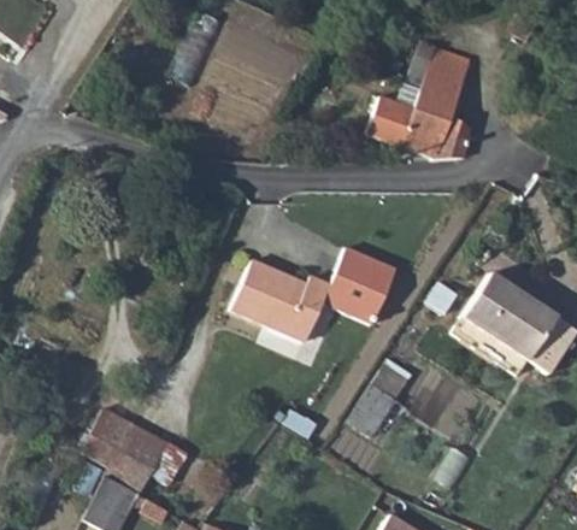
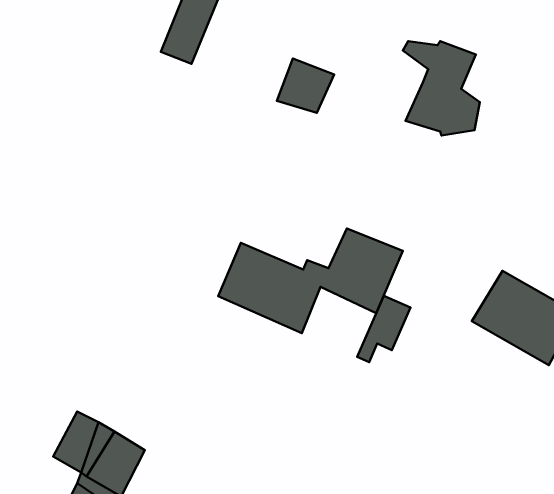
building: [432,43,476,84] -> none
building: [365,95,417,145] -> [277,58,334,113]
building: [361,375,410,435] -> [357,296,410,362]

